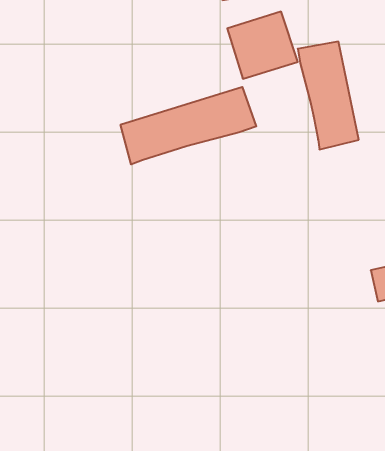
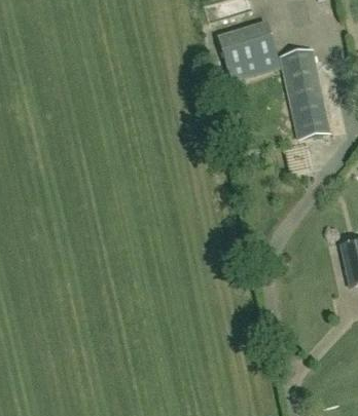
building: [121,87,256,164] -> none

